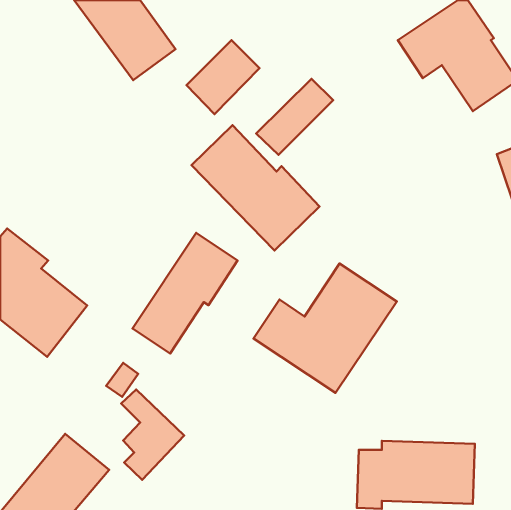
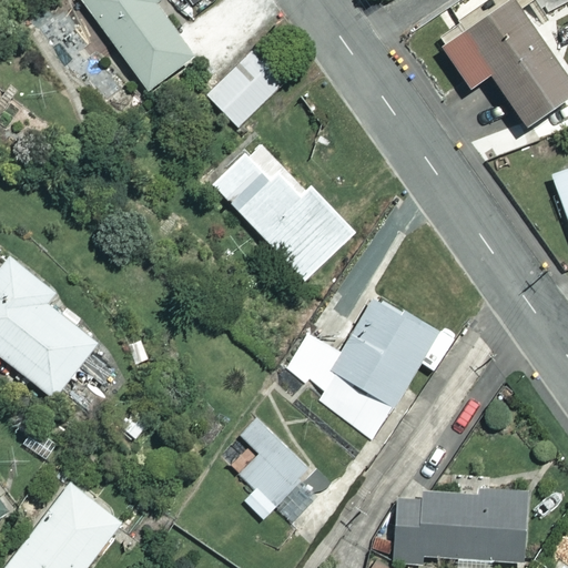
building: [256,79,333,155] -> none
building: [133,233,238,354] -> none
building: [121,389,184,480] -> [241,419,311,519]

